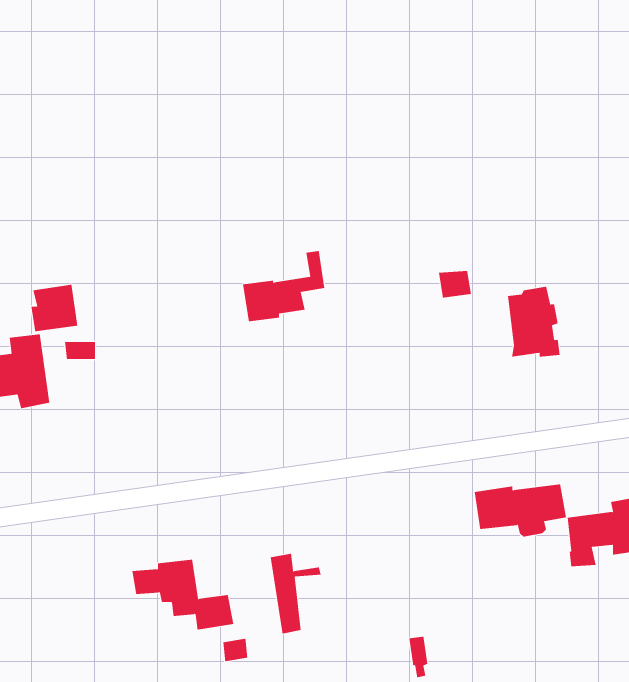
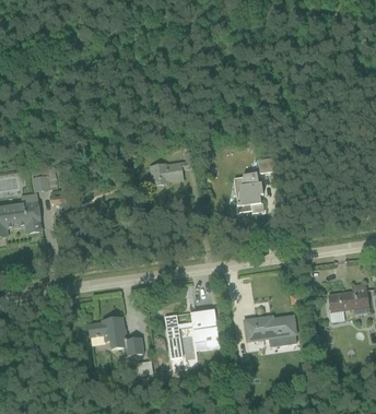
building: [507,286,561,357] -> [234,174,263,213]
building: [474,484,567,537] -> [244,317,295,346]
building: none -> [190,309,220,351]

